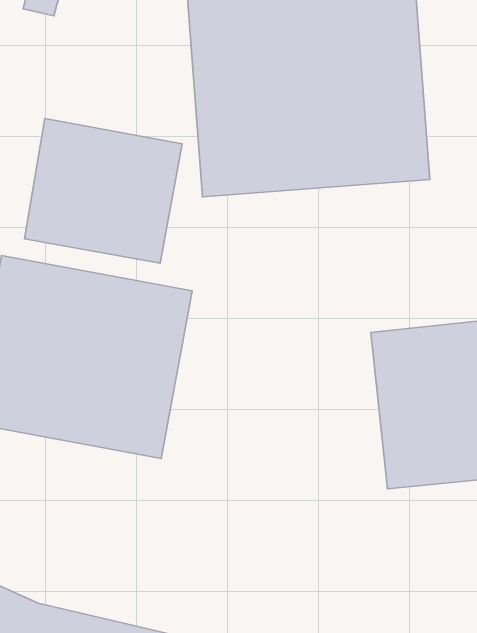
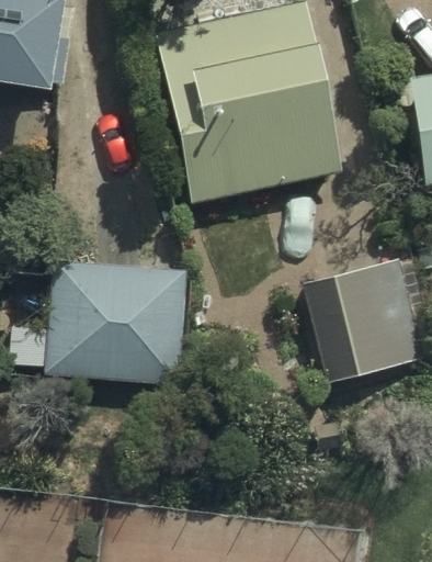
building: [24,118,182,263] -> none

